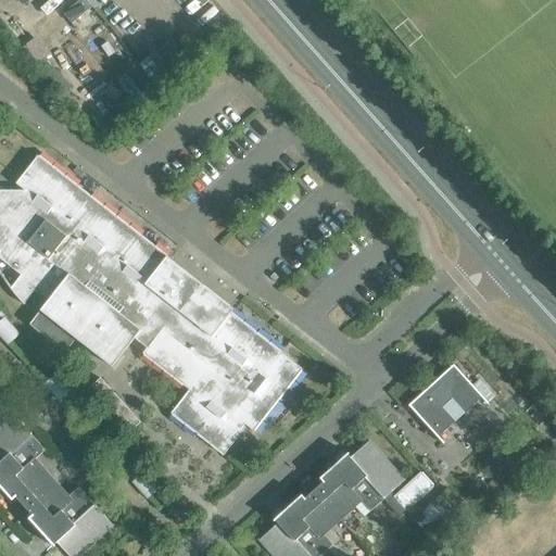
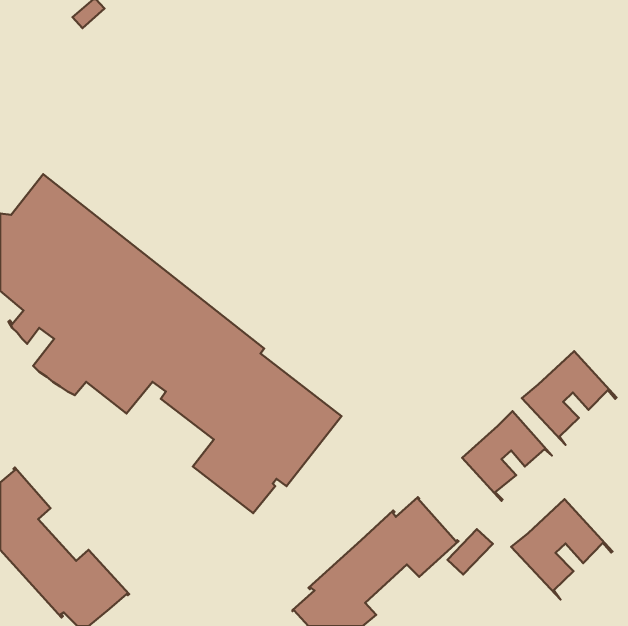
building: none -> [522,351,617,445]
building: none -> [511,499,612,599]

